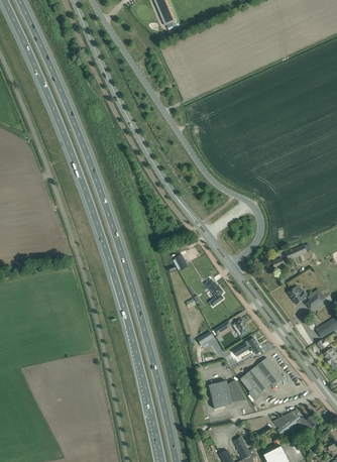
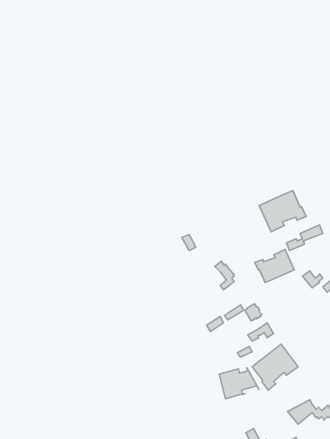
building: none -> [259,191,306,232]
building: none -> [255,249,294,282]

